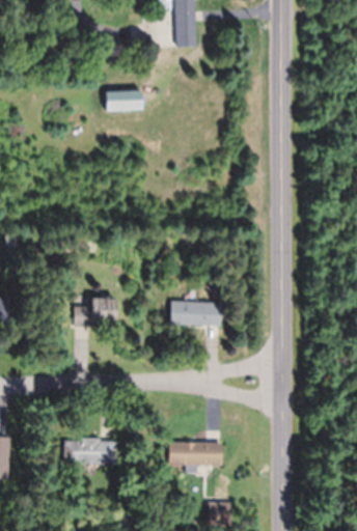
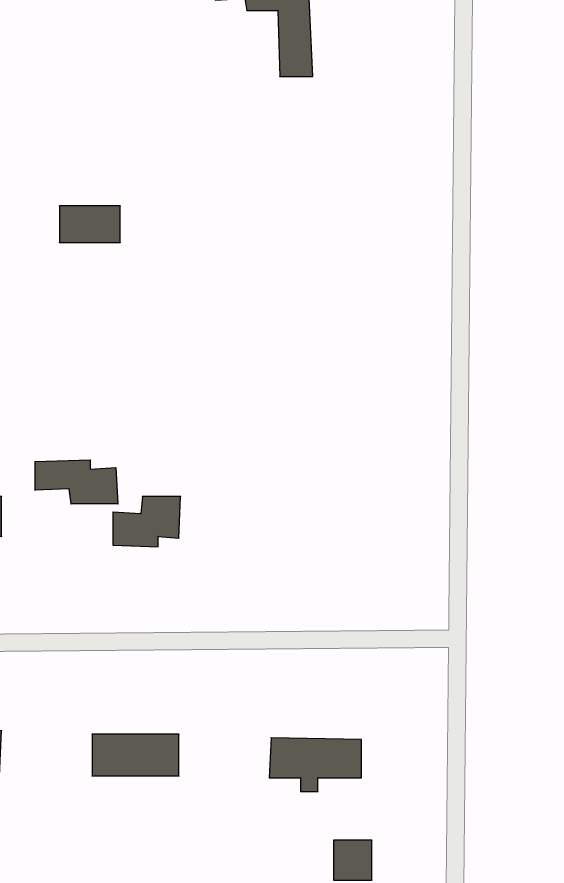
building: [104,90,140,112] -> [59,206,120,242]
building: none -> [35,460,118,504]
building: [168,301,219,325] -> none

